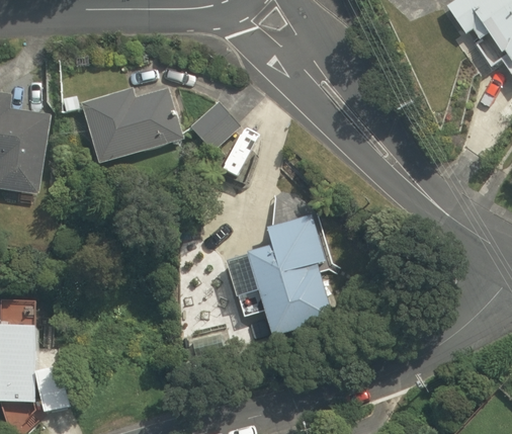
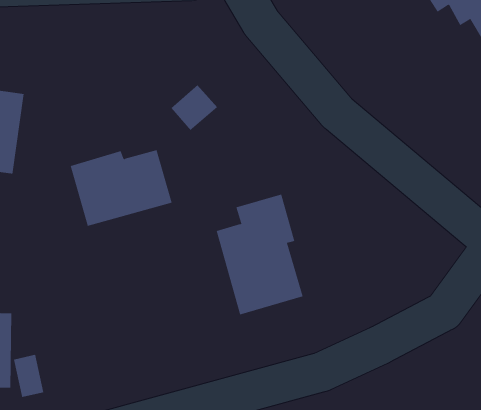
building: [85,87,186,163] -> [70,149,173,227]

